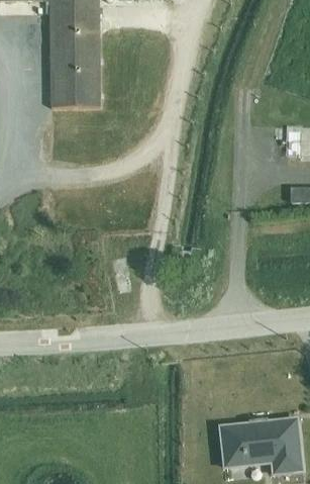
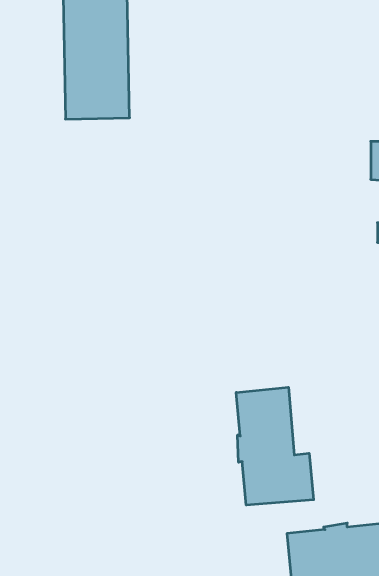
building: none -> [236,387,314,505]

